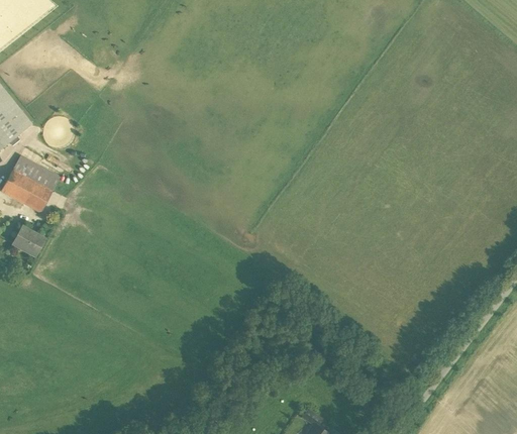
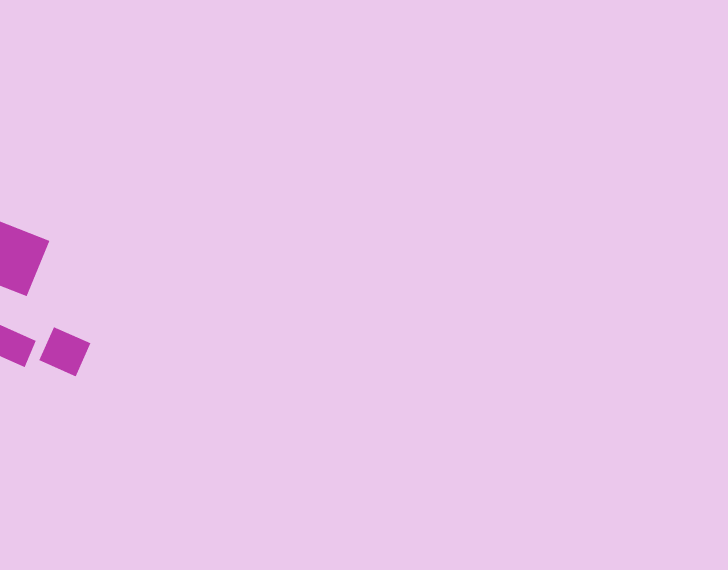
building: none -> [38,326,92,377]

